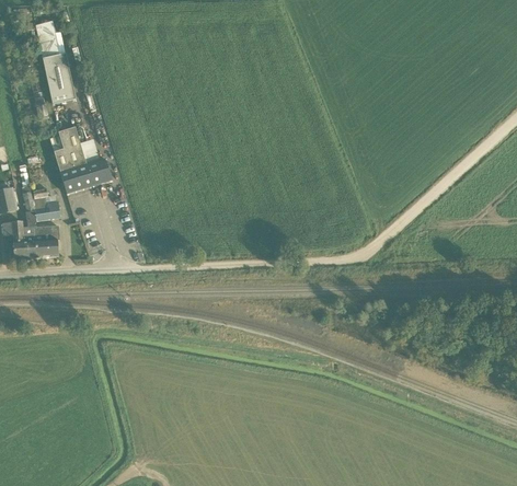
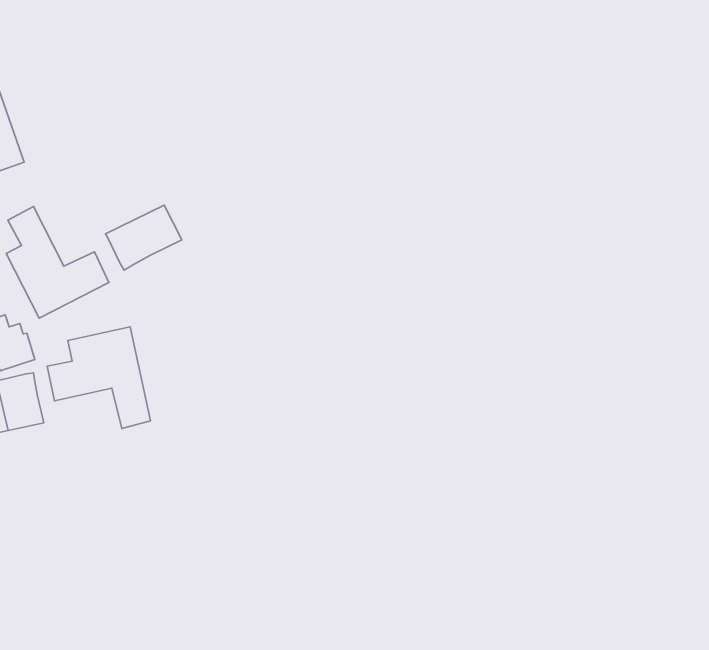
building: none -> [106,205,182,270]
building: none -> [47,327,151,429]

